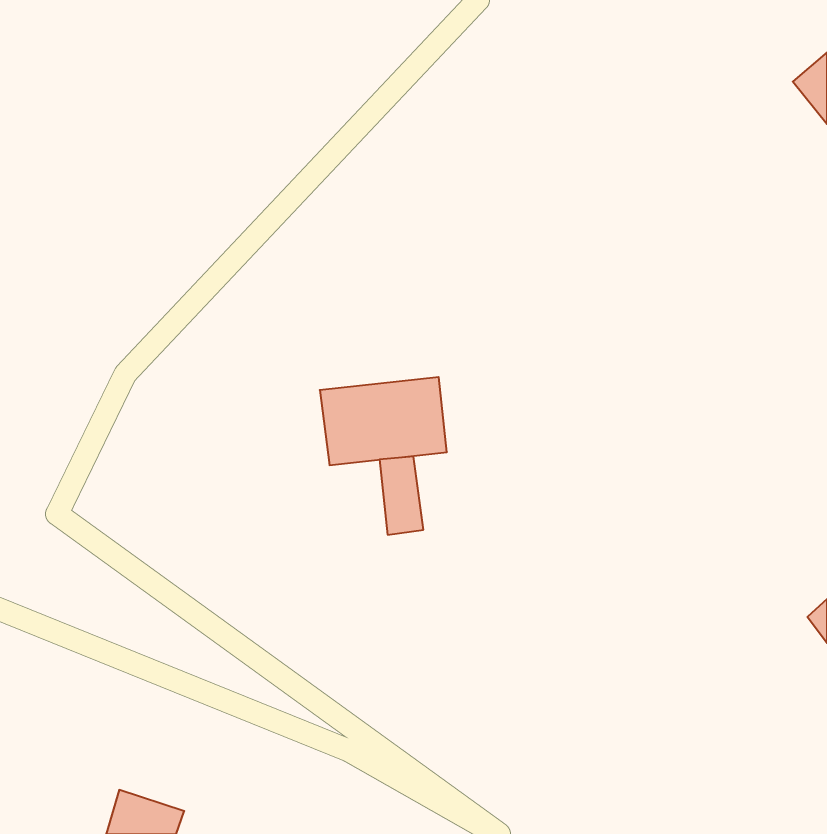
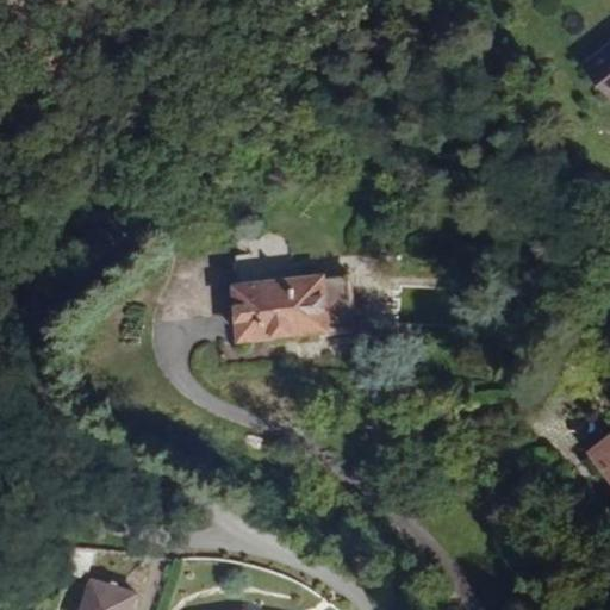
building: [379,456,423,535] -> [320,273,353,330]

